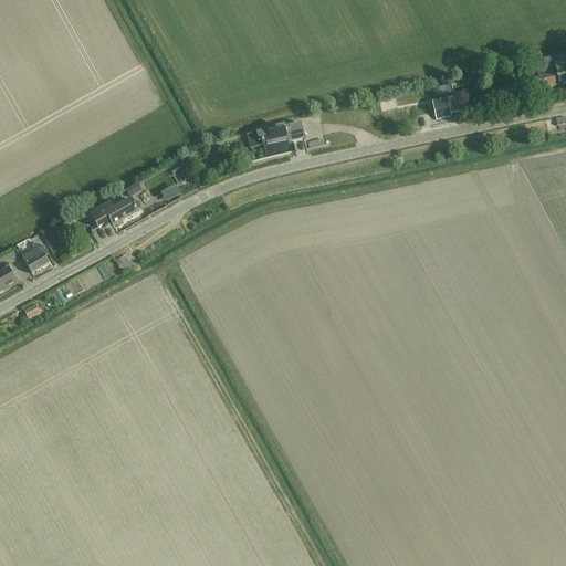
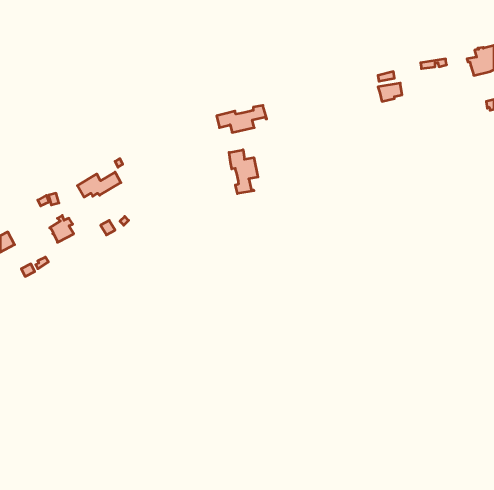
building: none -> [229,150,258,194]
building: [22,240,50,271] -> [50,215,74,242]

